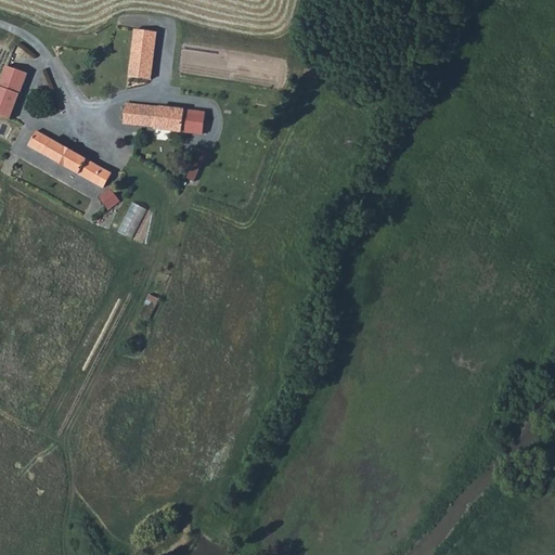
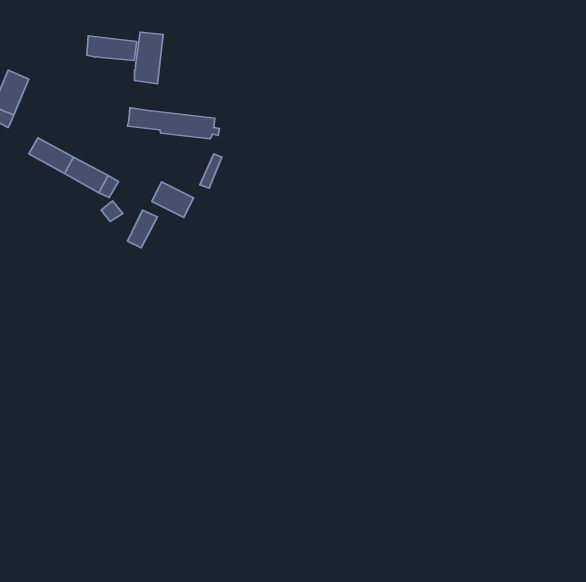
building: none -> [87,36,137,61]
building: none -> [152,182,194,218]

